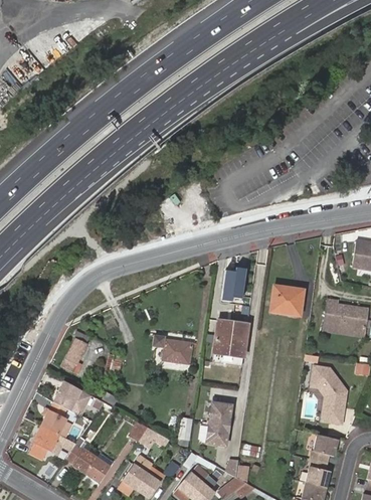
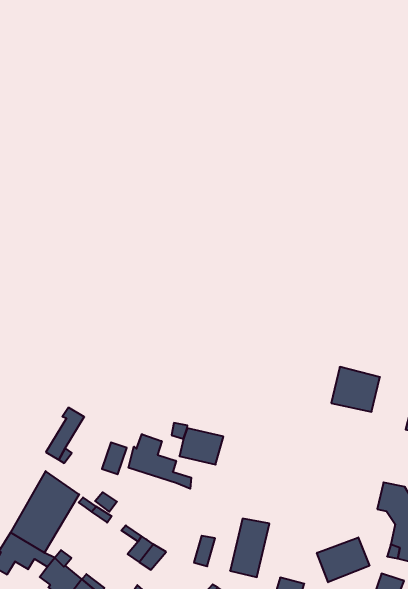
building: [221,268,247,302] -> none
building: [213,319,249,366] -> none
building: none -> [128,434,191,489]
building: none -> [317,537,369,582]

